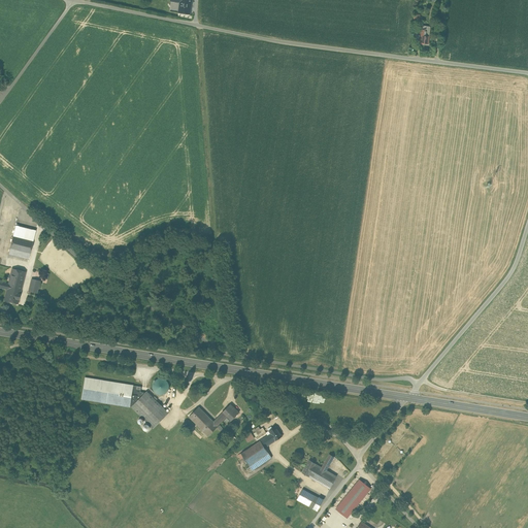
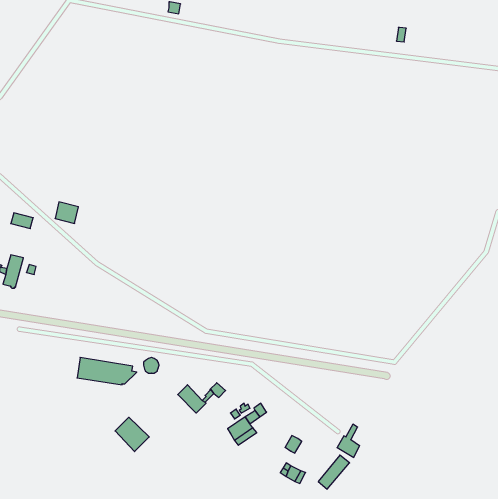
building: [7,236,32,259] -> [55,202,78,223]
building: [131,392,167,428] -> [115,417,149,452]
building: [311,454,335,489] -> [337,424,360,457]

